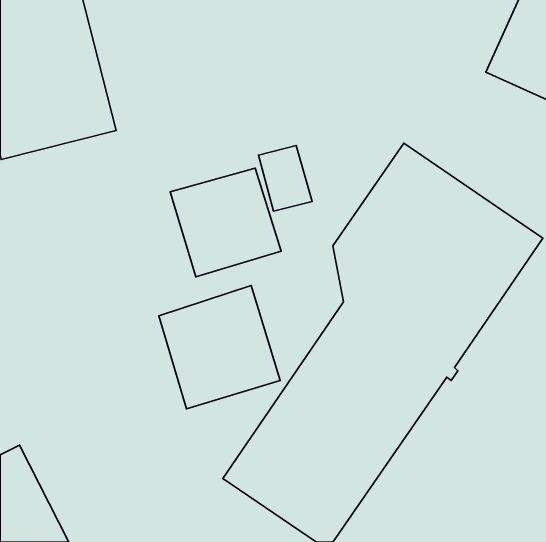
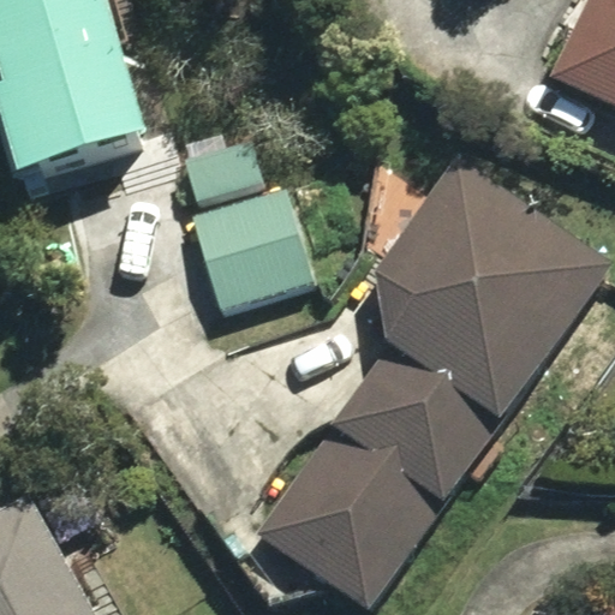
building: [159,285,280,409] -> none

